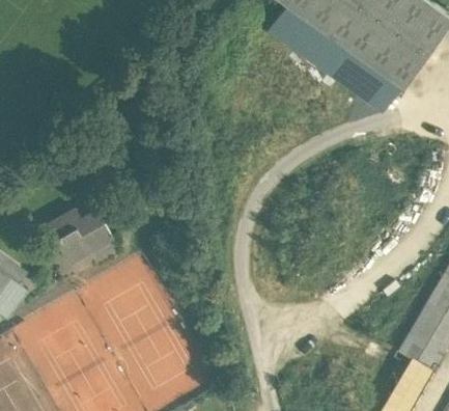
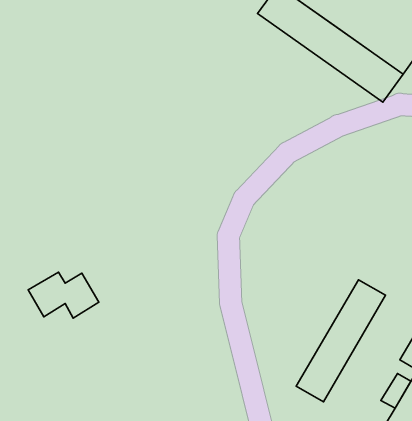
building: [47,211,112,253] -> [28,272,99,318]
building: none -> [296,280,385,402]

